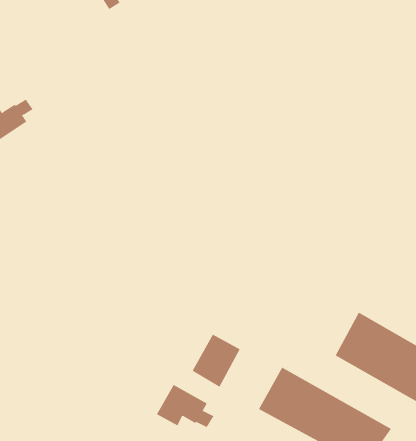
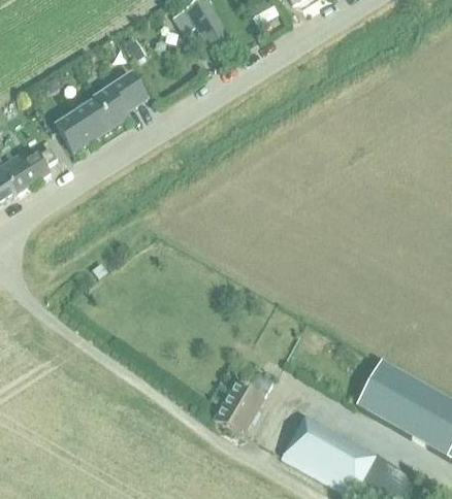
building: none -> [55,73,147,153]
building: [156,384,214,428] -> none

